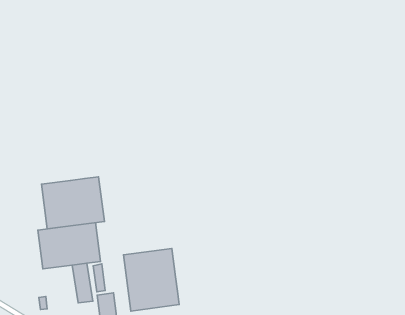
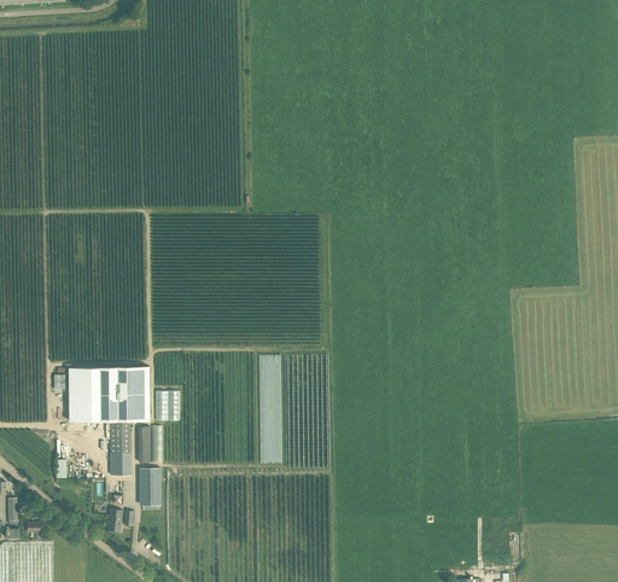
building: [41,177,104,229] -> none
building: [123,248,179,311] -> none

